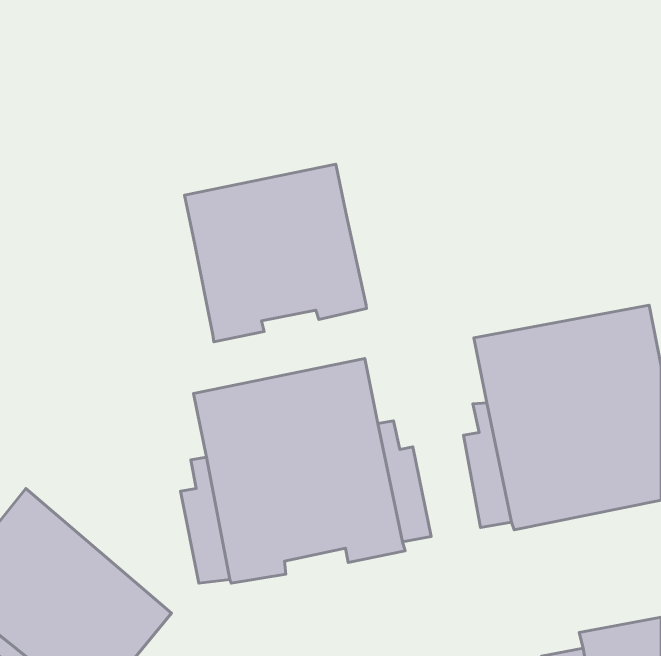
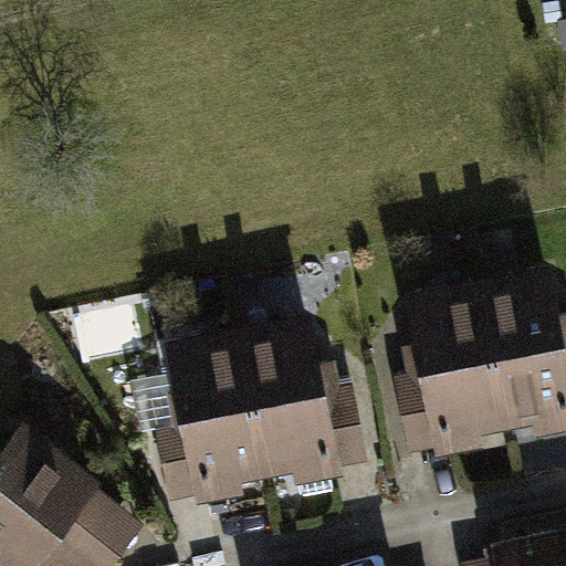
building: [184,164,366,342] -> none

